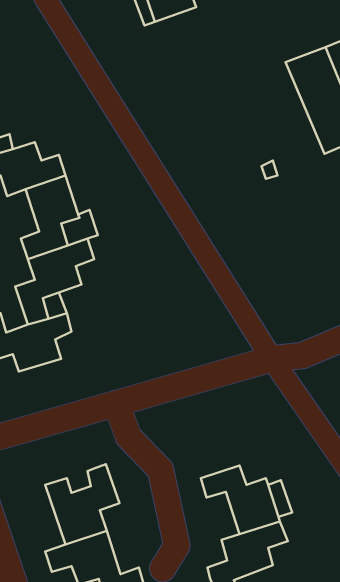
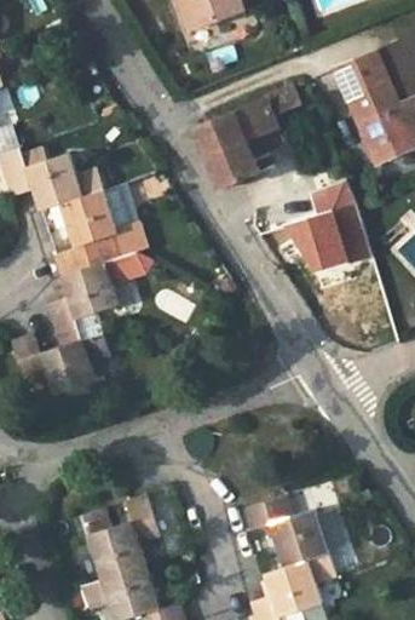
building: none -> [195,85,301,188]
building: none -> [284,184,369,274]

